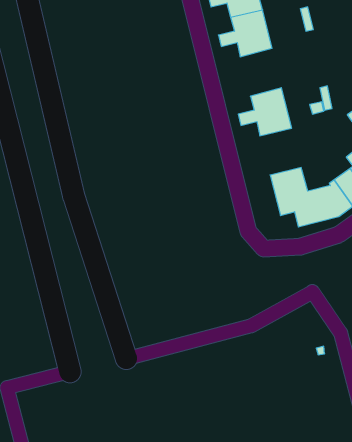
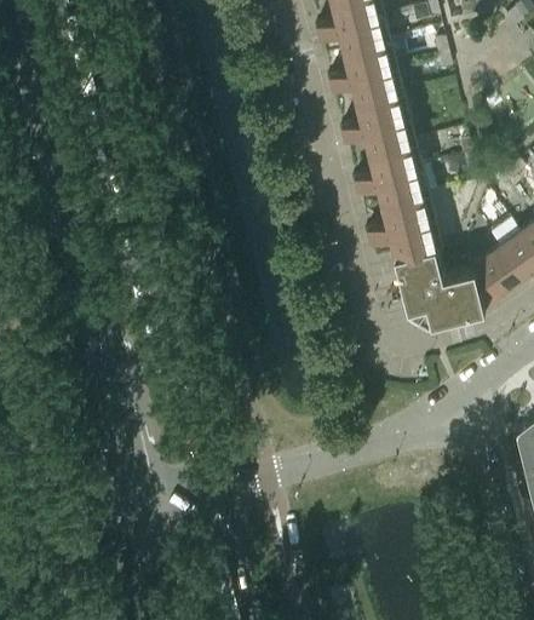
building: none -> [339,97,408,159]
building: none -> [364,200,433,260]

